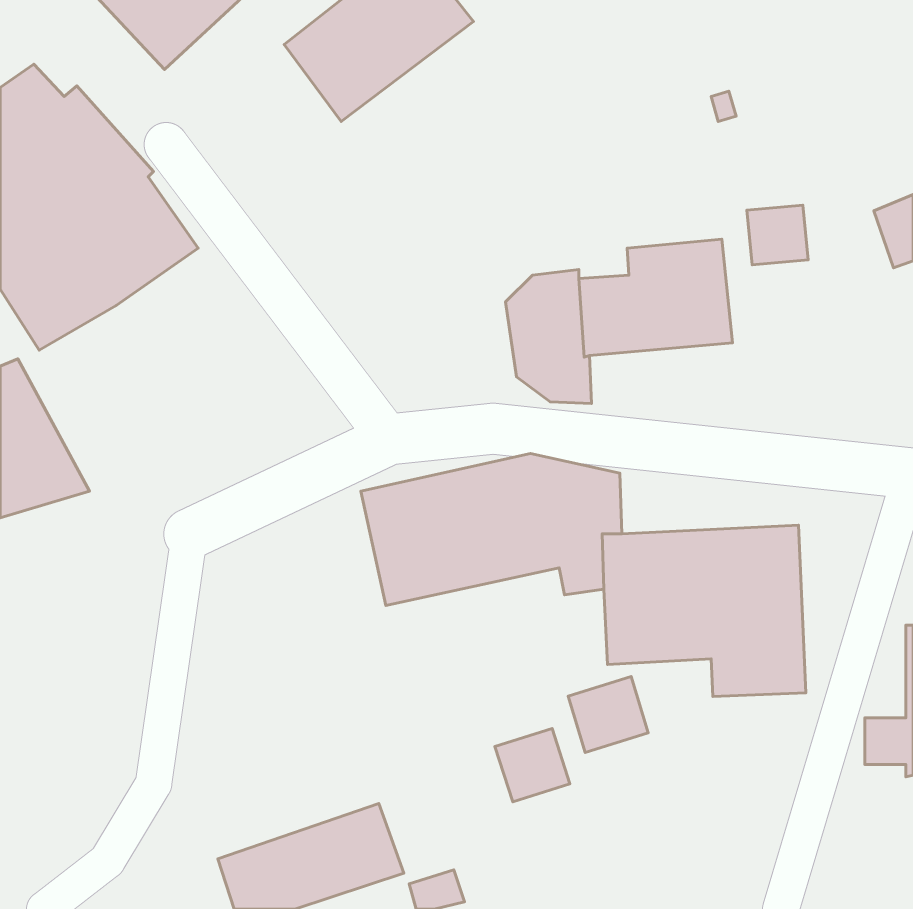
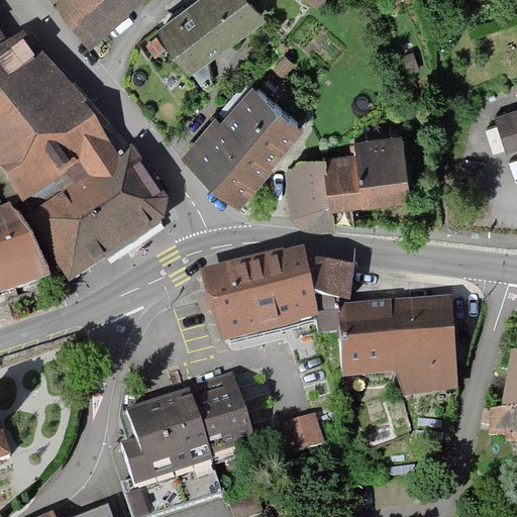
building: none -> [189,81,304,199]
building: [747,205,808,265] -> none
building: none -> [25,140,168,284]
building: none -> [119,375,254,482]
building: [568,677,648,753] -> none

